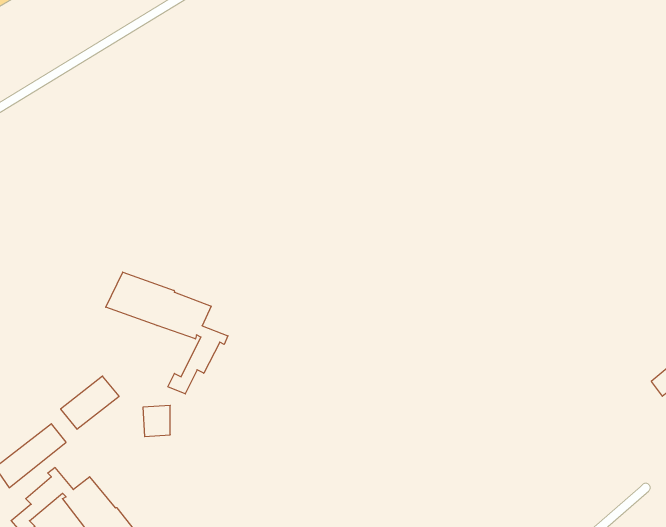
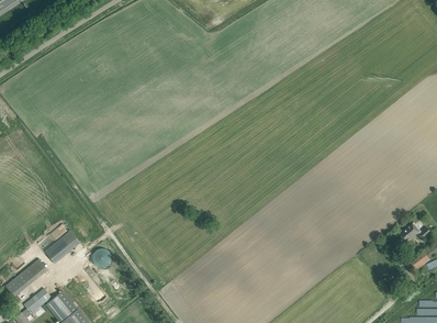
building: [106,272,228,394] -> none

